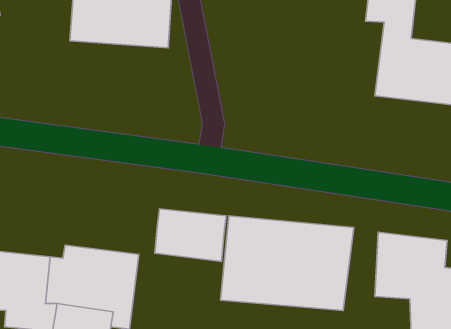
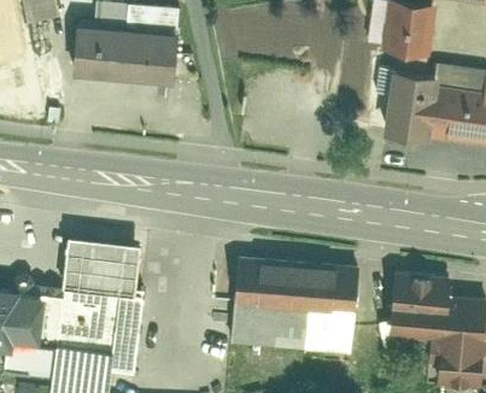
building: [155,209,226,261] -> [68,240,141,294]

